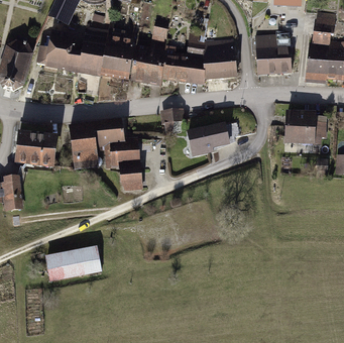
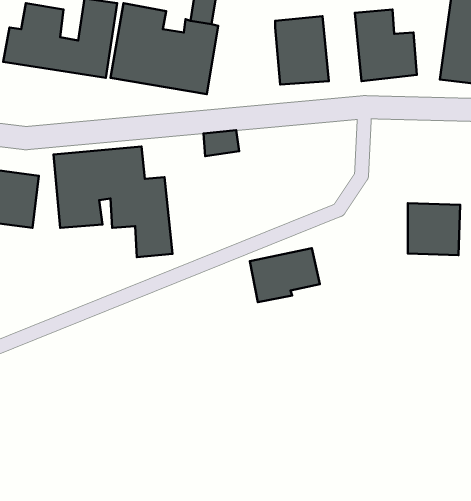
building: [165,34,205,86] -> none
building: [285,111,318,143] -> [408,203,460,255]
building: [186,123,229,156] -> [250,248,320,302]
building: [43,248,99,282] -> none

